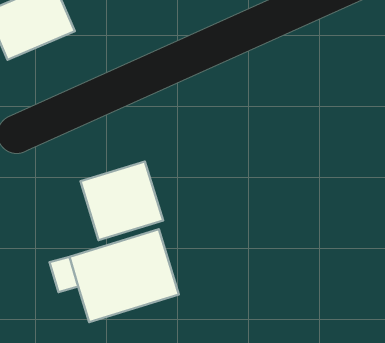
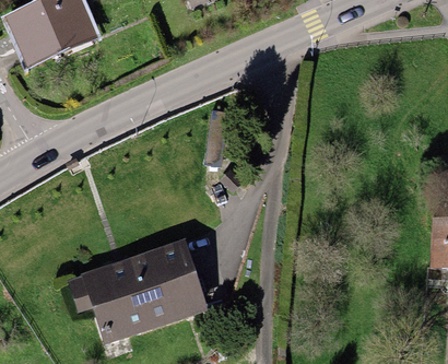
building: [80,161,163,240] -> none

